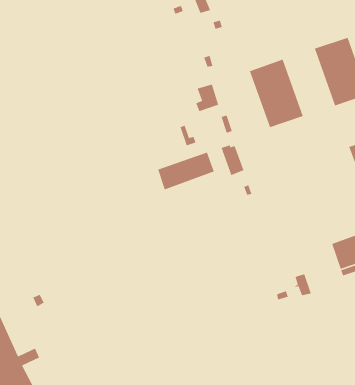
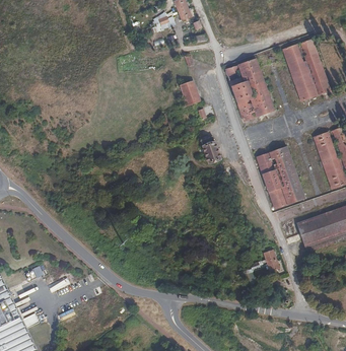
building: [157,152,215,191] -> none
building: none -> [256,146,304,208]

